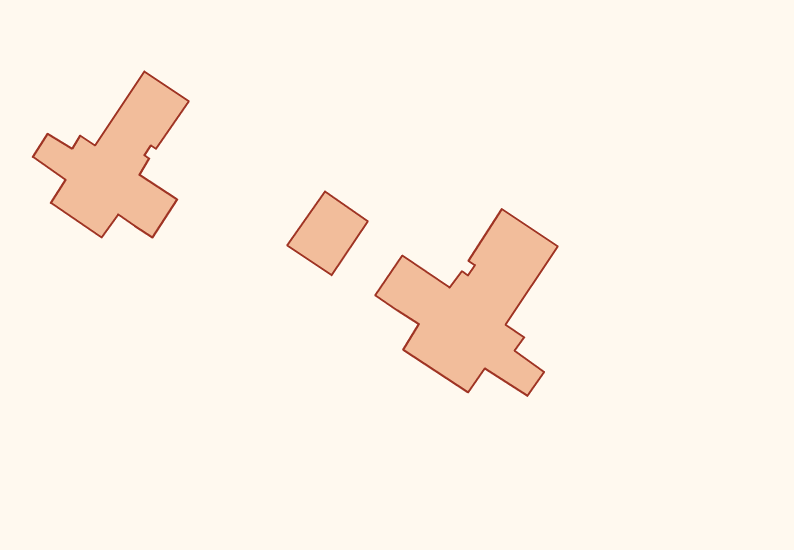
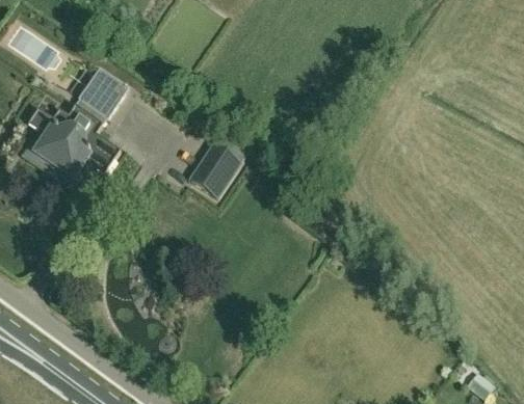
building: [375,209,558,396] -> none

